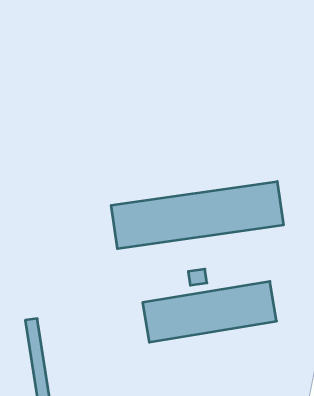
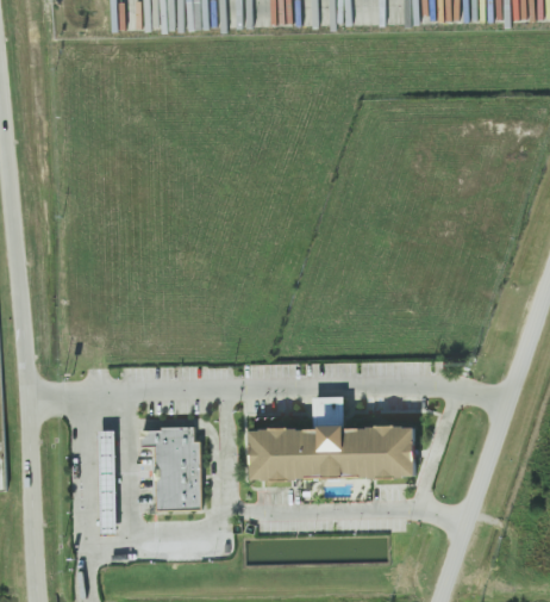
building: [111,181,283,249] -> none
building: none -> [142,428,201,510]

